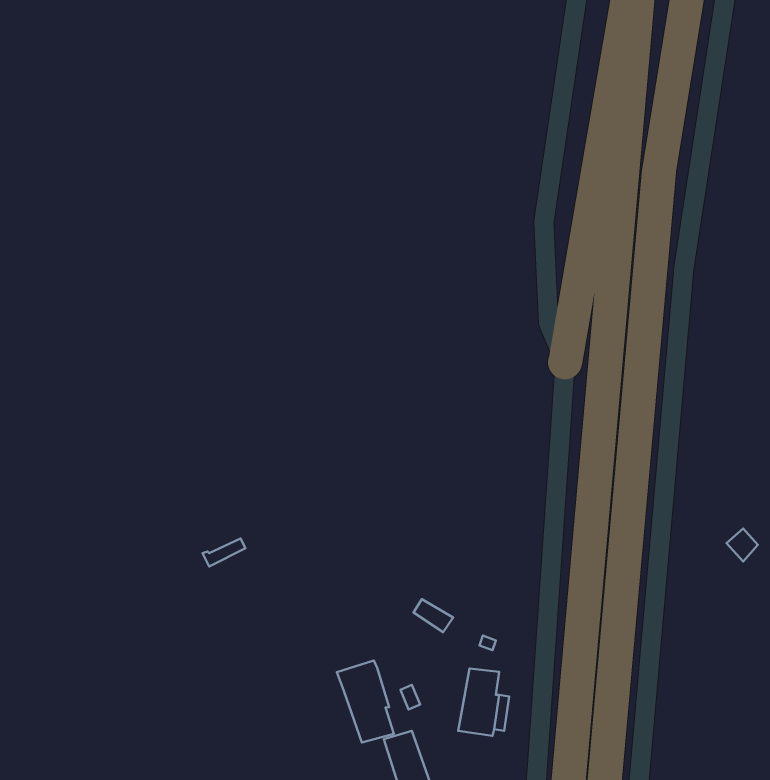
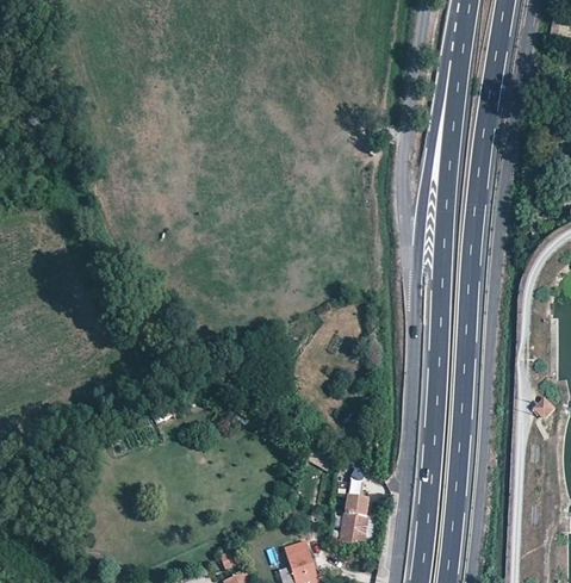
building: [337,661,394,743] -> none

